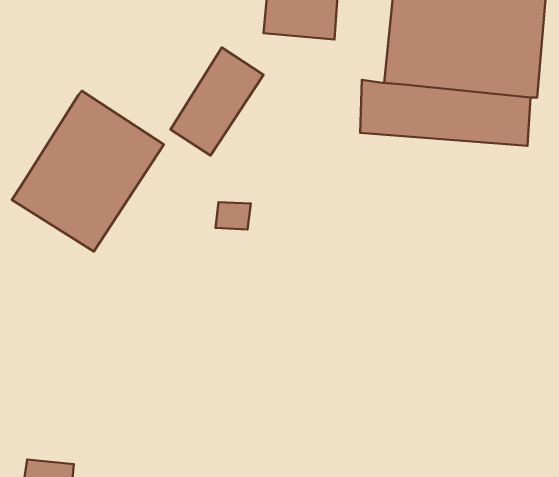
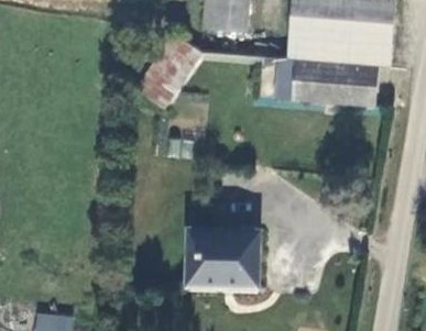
building: [12,91,164,252] -> none
building: none -> [181,229,256,295]

